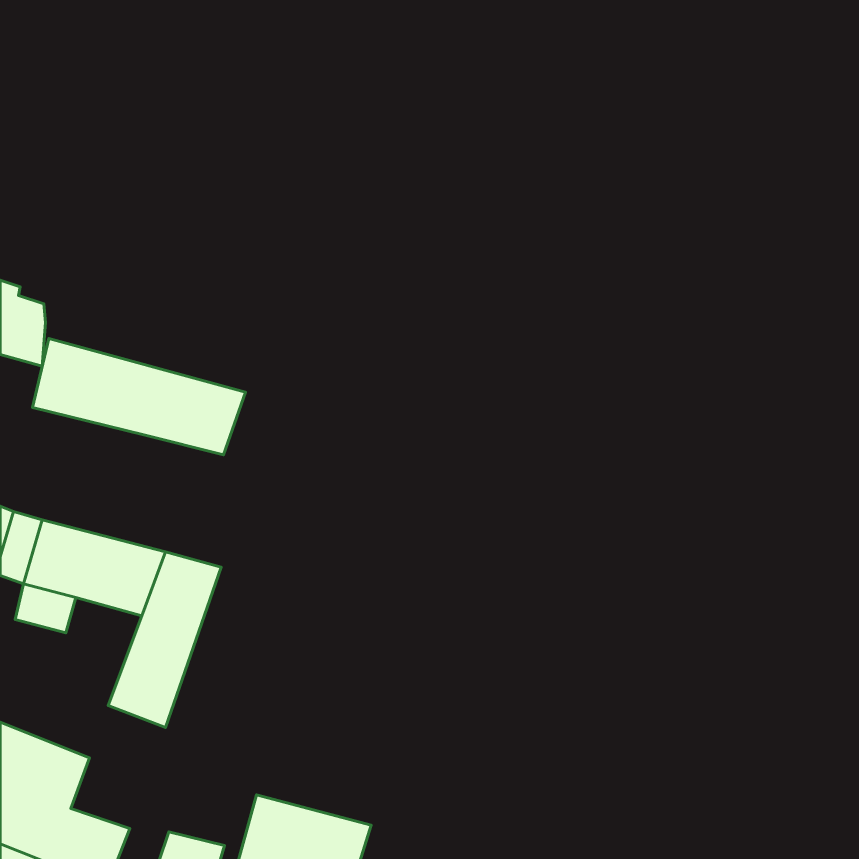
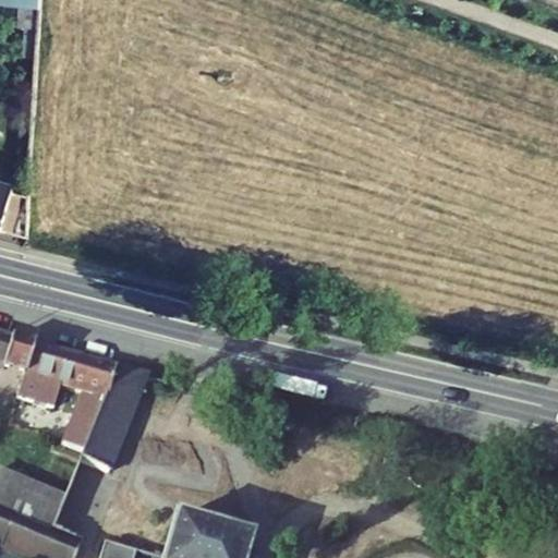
building: [32,339,246,455] -> none

